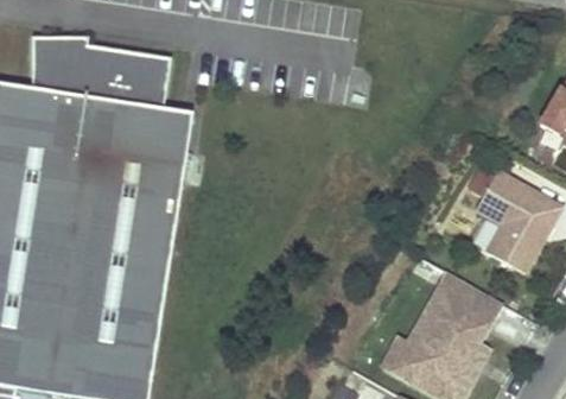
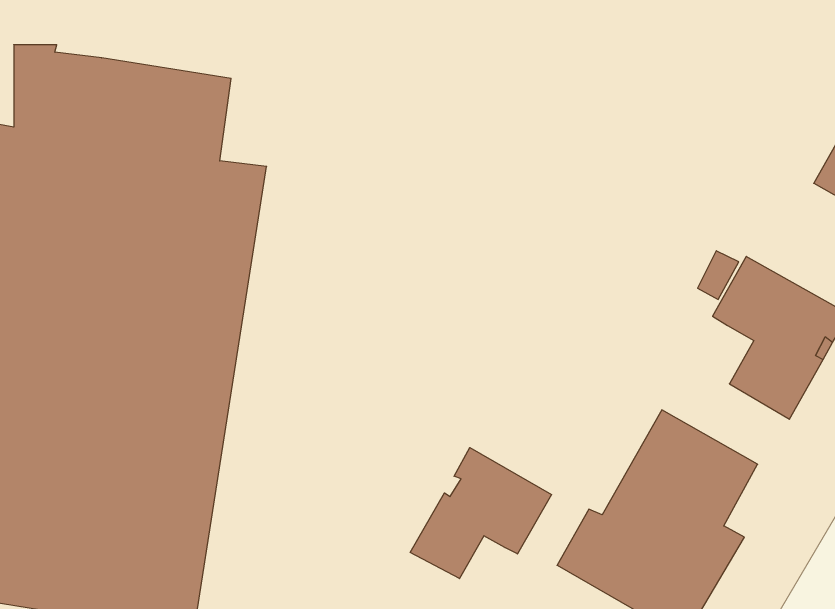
building: none -> [410,448,552,579]

